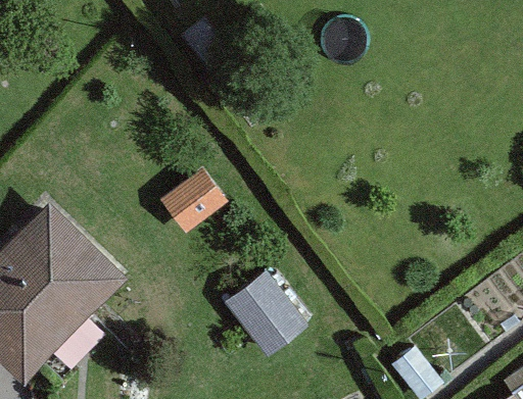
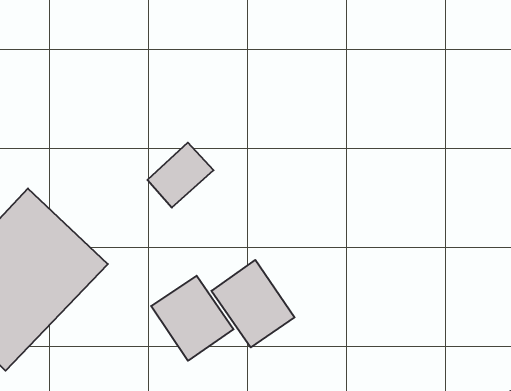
building: none -> [151,276,234,361]

